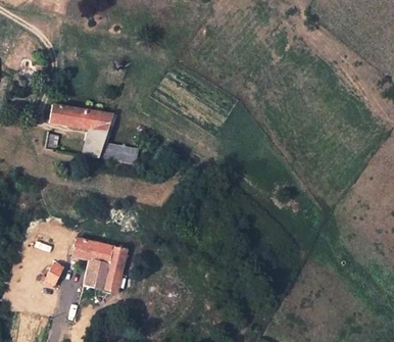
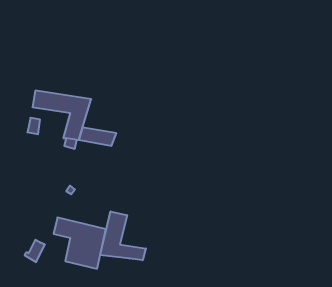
building: none -> [100,211,146,260]

